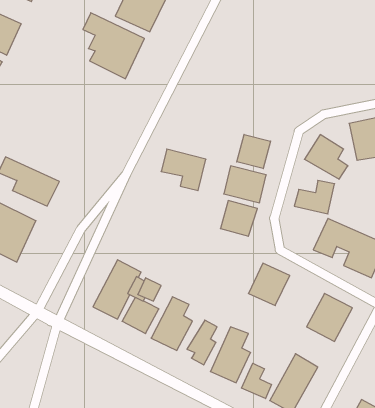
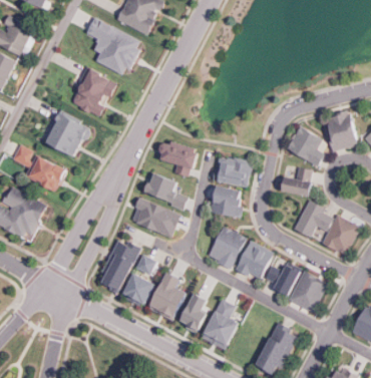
building: none -> [71,68,115,116]
building: none -> [45,113,89,156]
building: [237,134,271,169] -> none
building: none -> [146,170,189,211]
building: none -> [128,199,181,235]
building: none -> [211,227,245,269]
building: none -> [266,264,301,294]
building: [241,363,271,399] -> none

